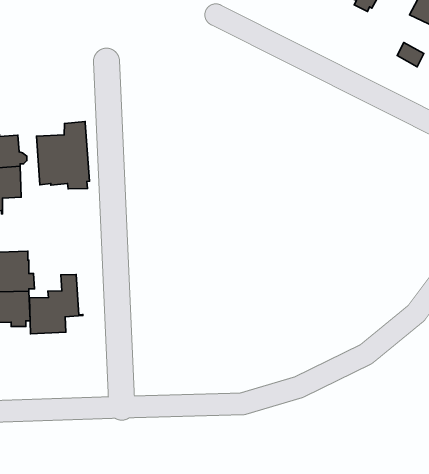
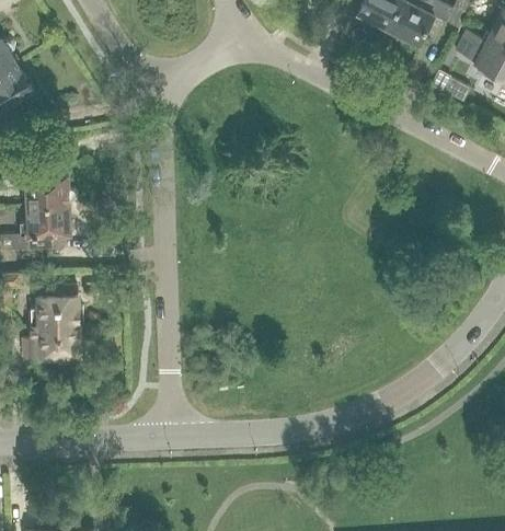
building: [36,122,90,189] -> none
building: [30,274,83,334] -> none

